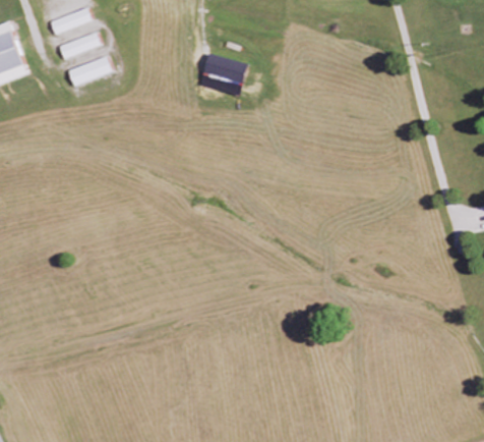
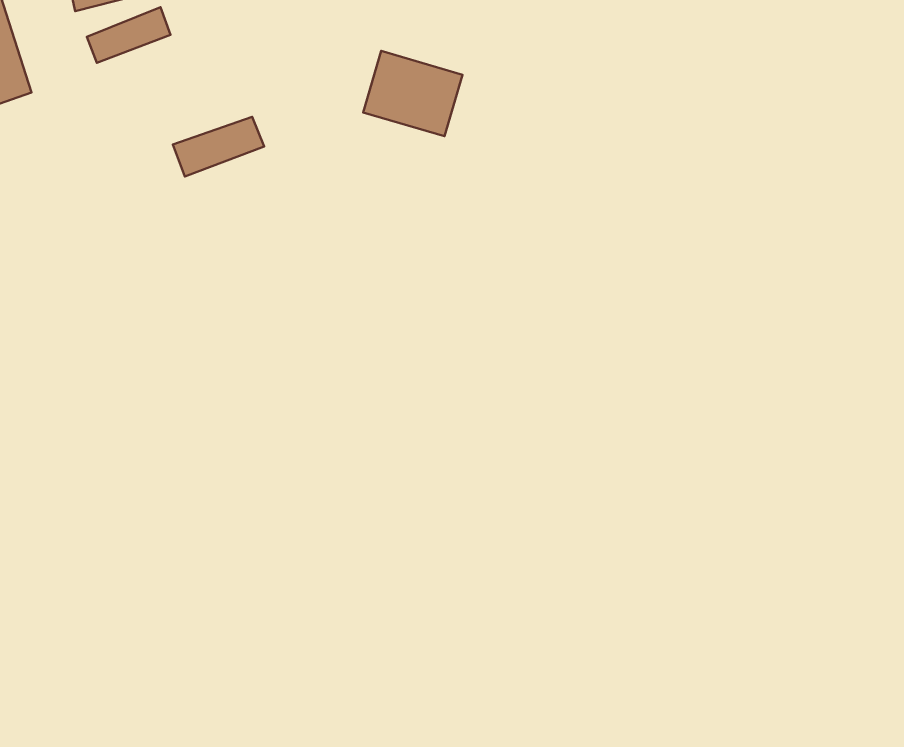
building: [66,56,113,87] -> [173,117,264,176]

